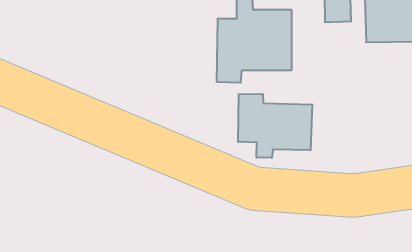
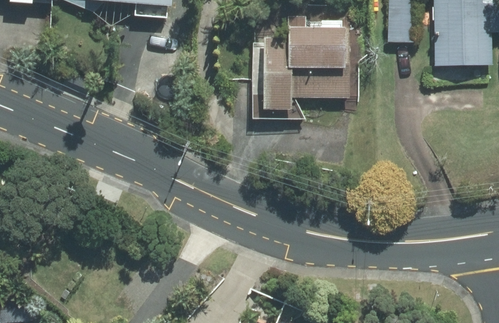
building: [238,94,312,158] -> none

